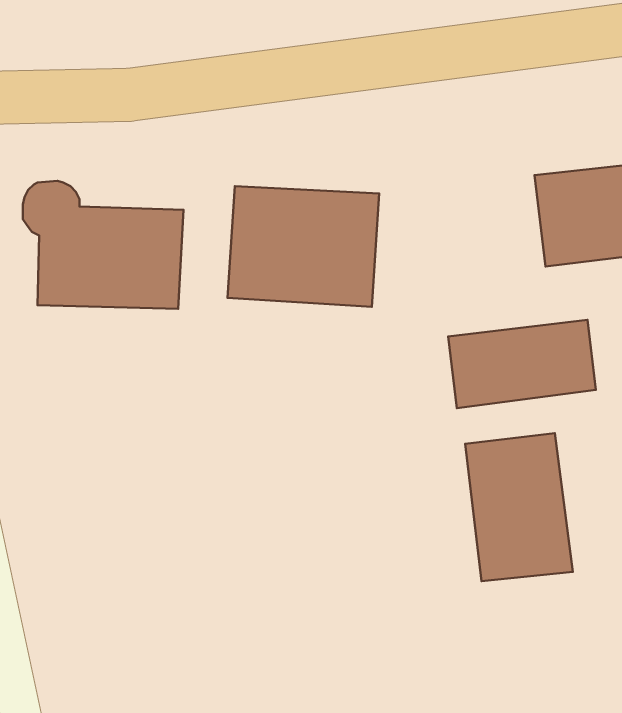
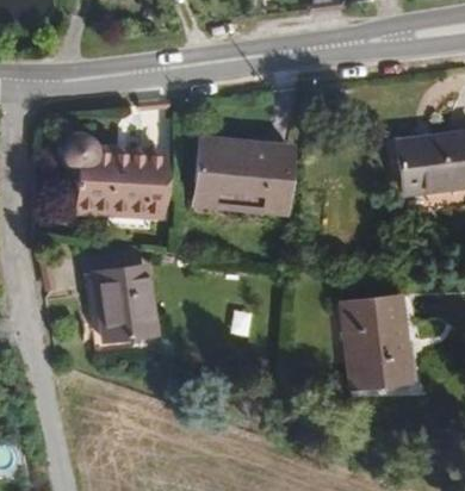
building: [448,320,596,408] -> none
building: none -> [88,261,157,343]

